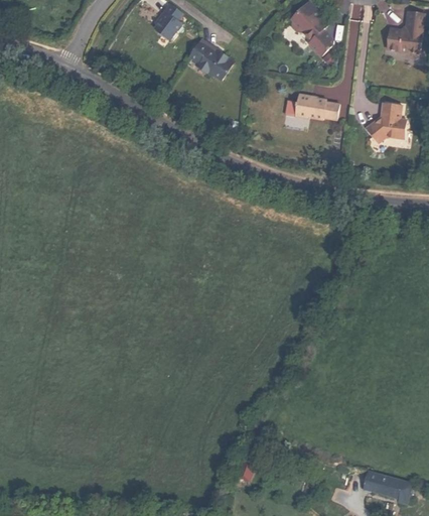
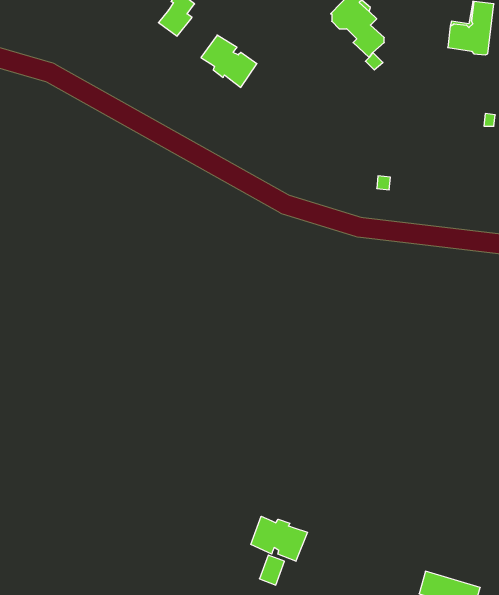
building: [294,93,337,119] -> none
building: [365,102,405,141] -> none
building: none -> [251,516,307,561]

